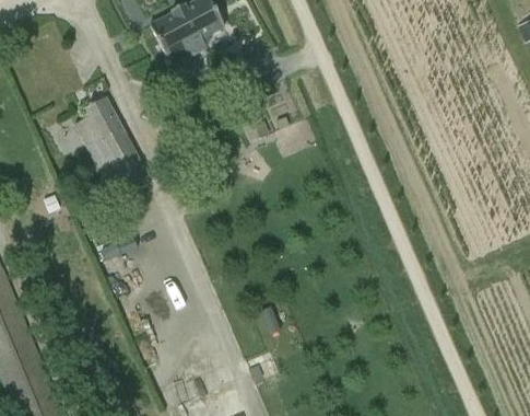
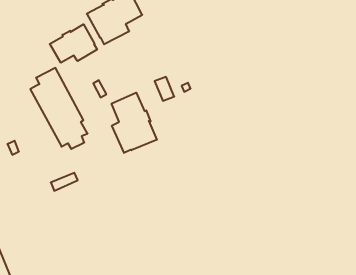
building: none -> [50,24,97,63]
building: none -> [112,93,157,153]

